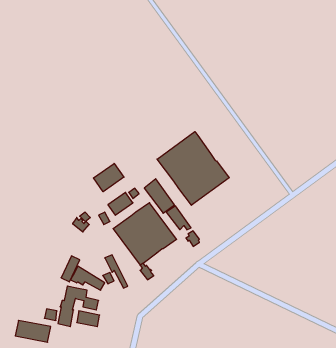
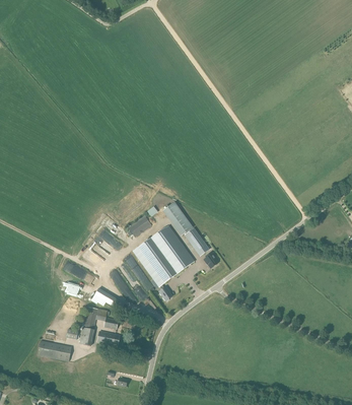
building: [157,132,229,205] -> none
building: [93,163,124,192] -> none

